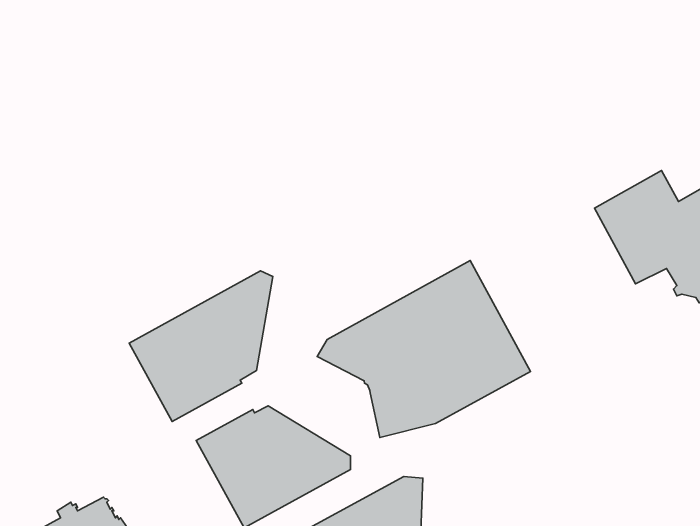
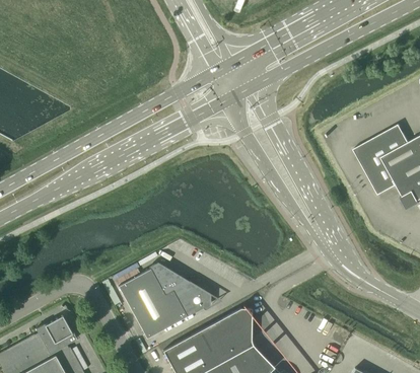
building: [317,260,530,438] -> none
building: [129,271,273,421] -> none

